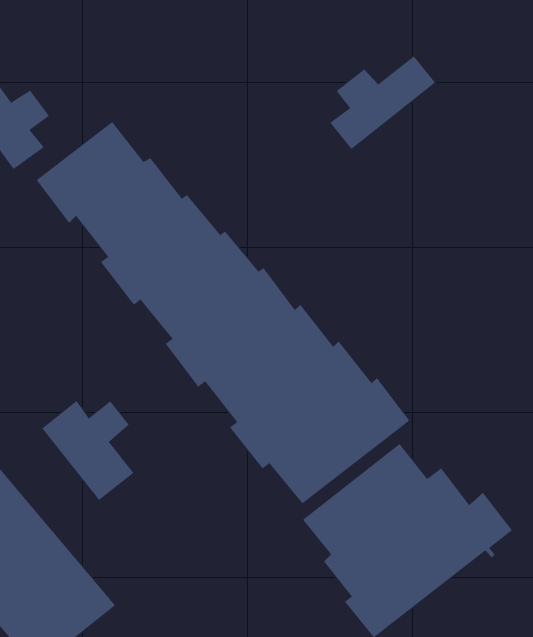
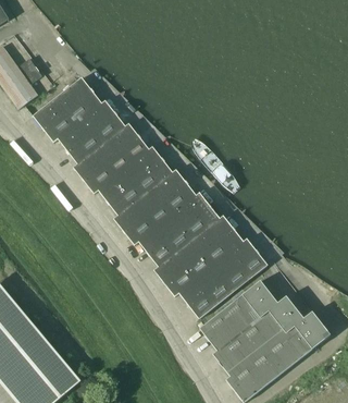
building: [329,55,436,150] -> none
building: [42,400,134,501] -> none

